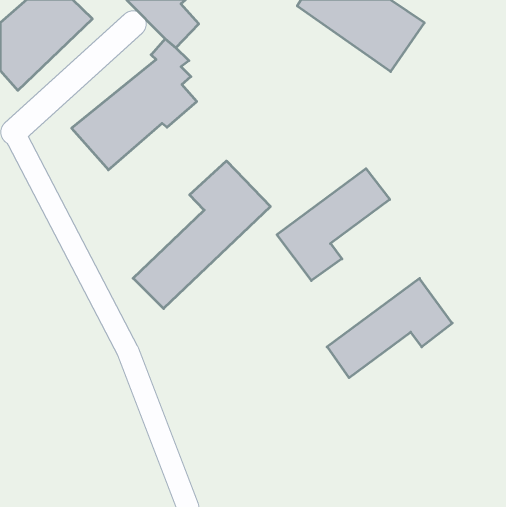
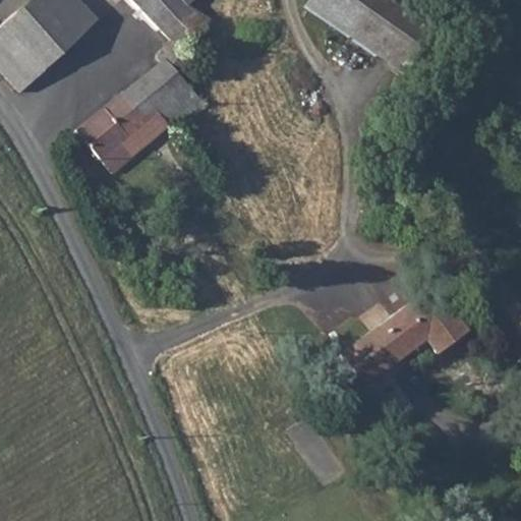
building: [133,161,270,309] -> none
building: [277,169,390,281] -> none

